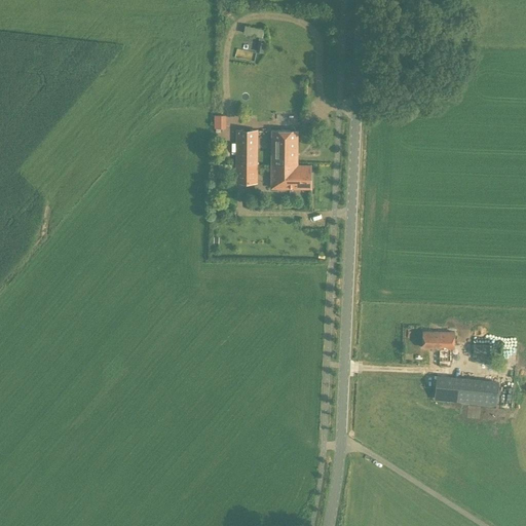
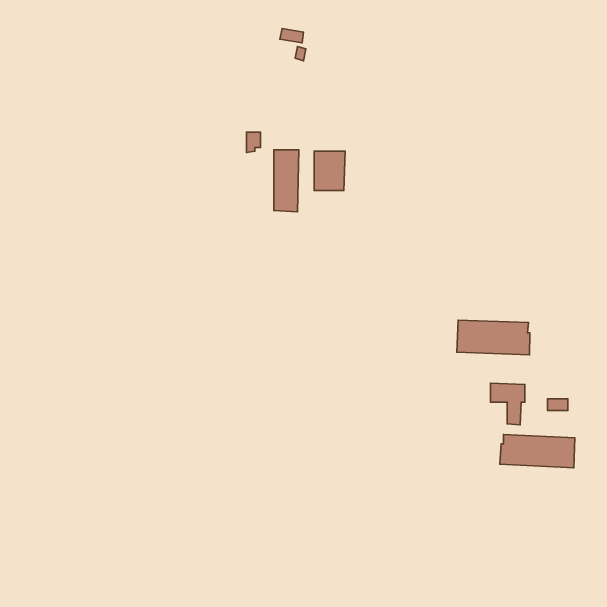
building: [272,165,311,189] -> none
building: none -> [457,320,530,355]

